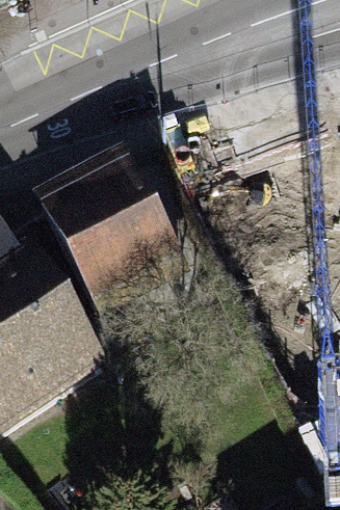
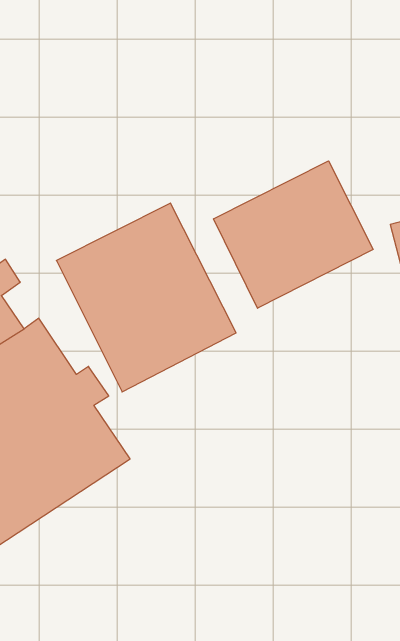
building: none -> [214,161,373,308]

